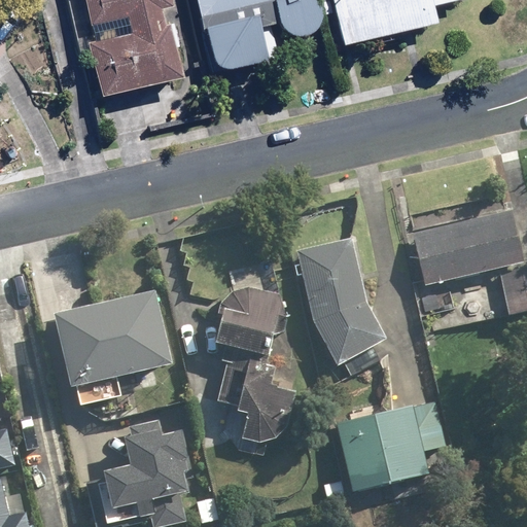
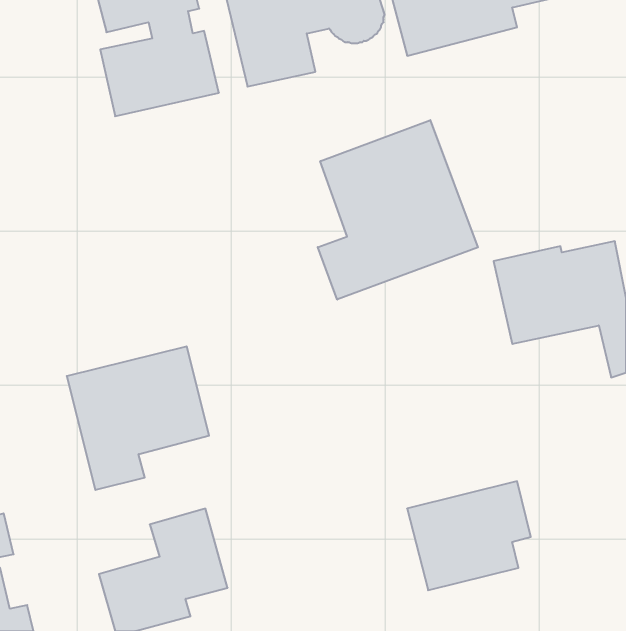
building: none -> [318,120,478,300]
building: [296,238,388,379] -> none
building: [216,286,293,441] -> none

